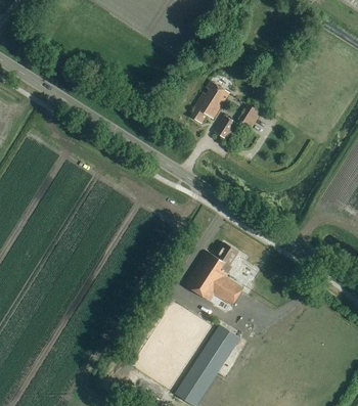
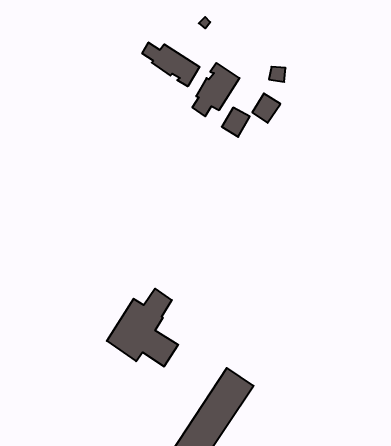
building: none -> [142,42,200,86]
building: [186,242,243,305] -> [107,289,178,366]

